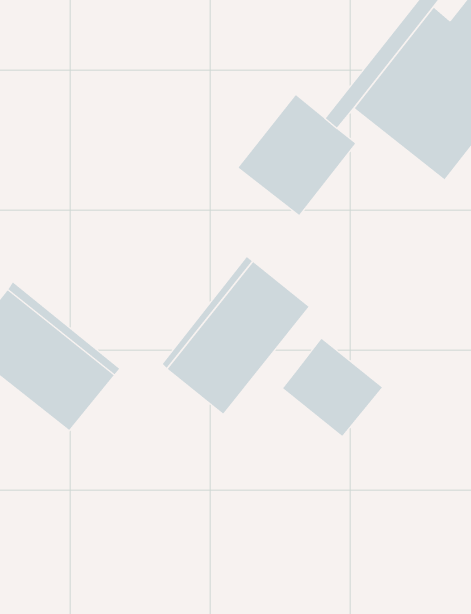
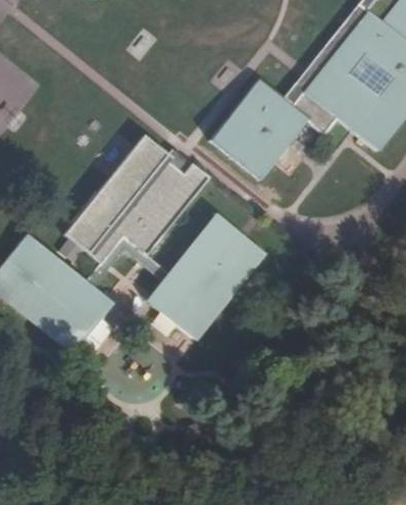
building: none -> [65,135,210,264]
building: [282,338,383,437] -> none

